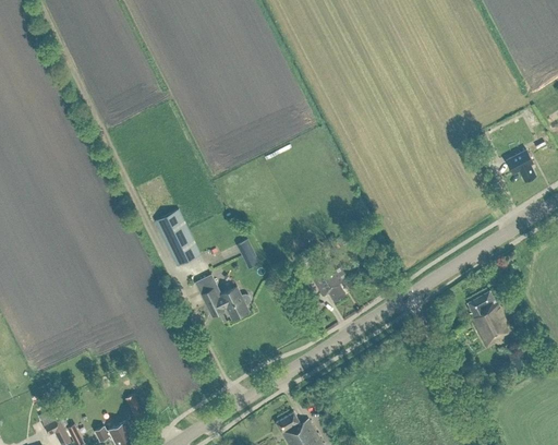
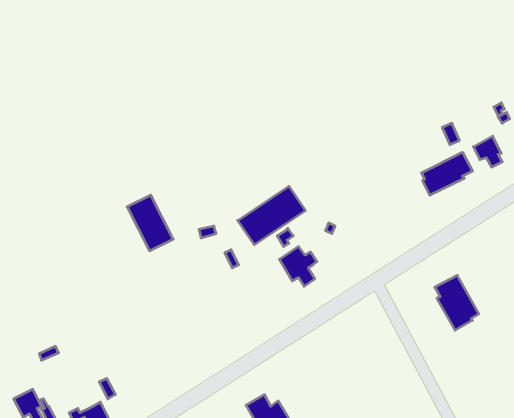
building: none -> [422,152,473,195]
building: none -> [238,186,305,245]
building: [196,275,251,320] -> none

